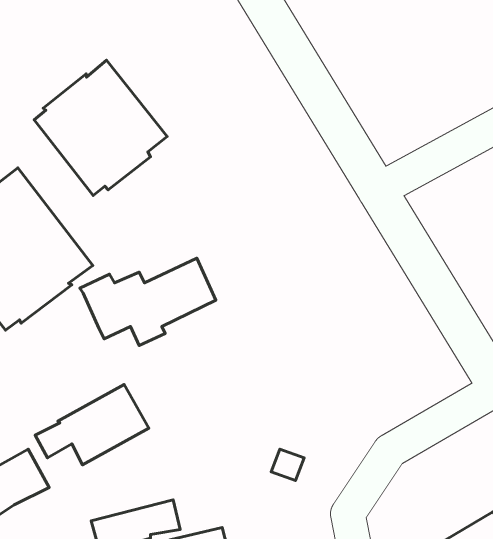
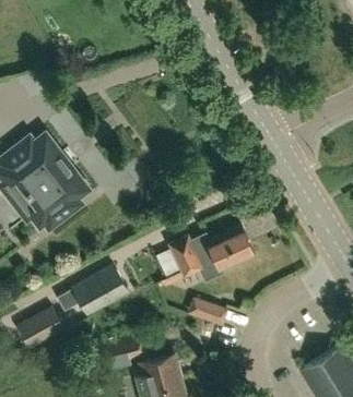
building: [34,60,167,196] -> none
building: [80,258,216,346] -> [168,227,254,281]

